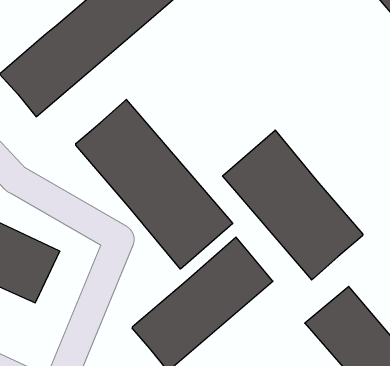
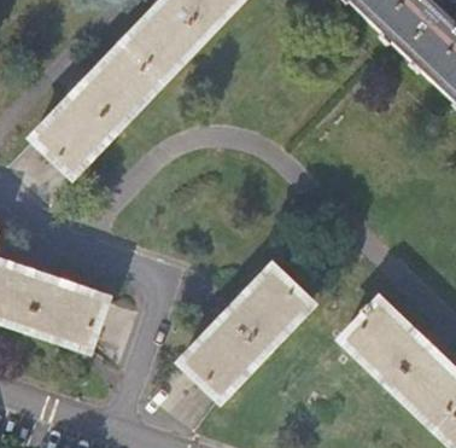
building: [76,99,233,269] -> none
building: [223,130,363,280] -> none

